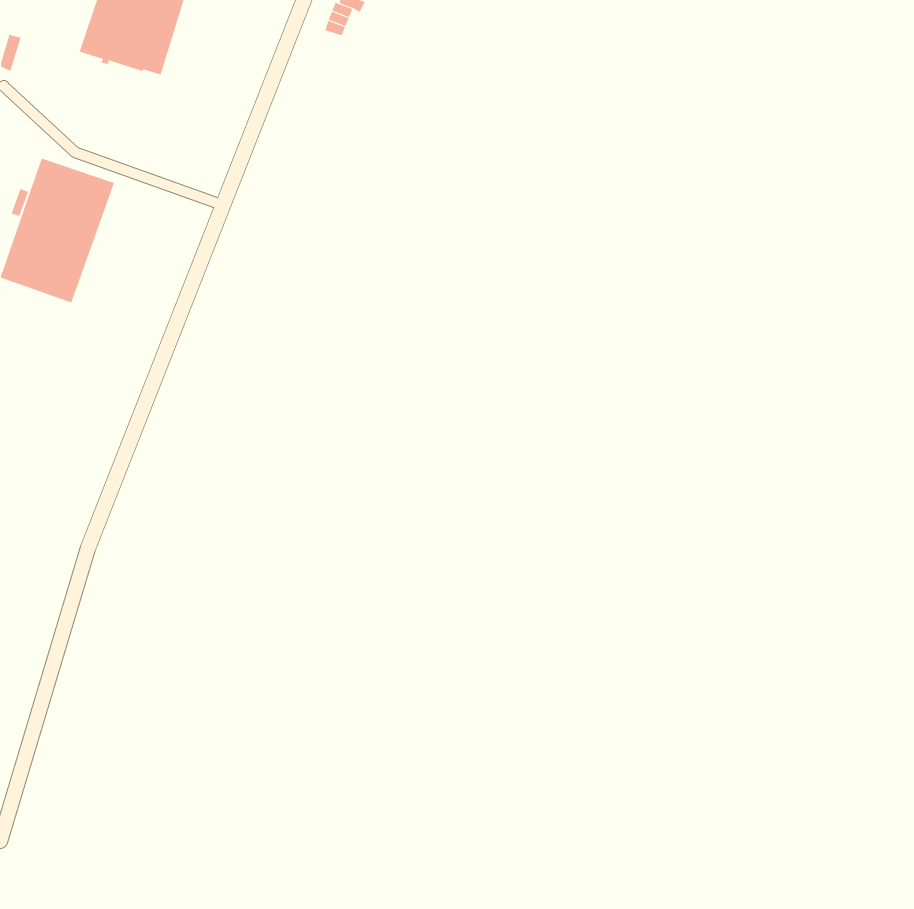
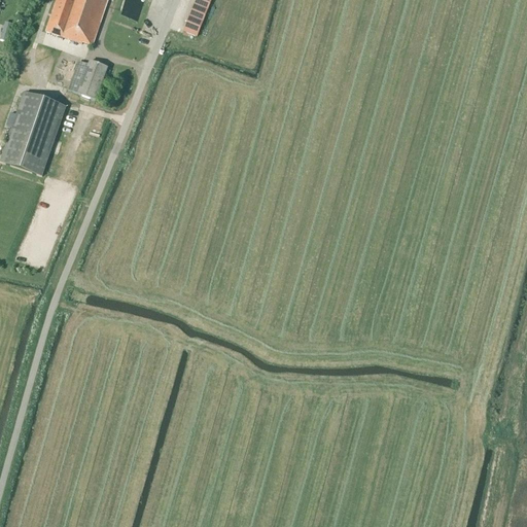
building: none -> [70,58,108,98]

